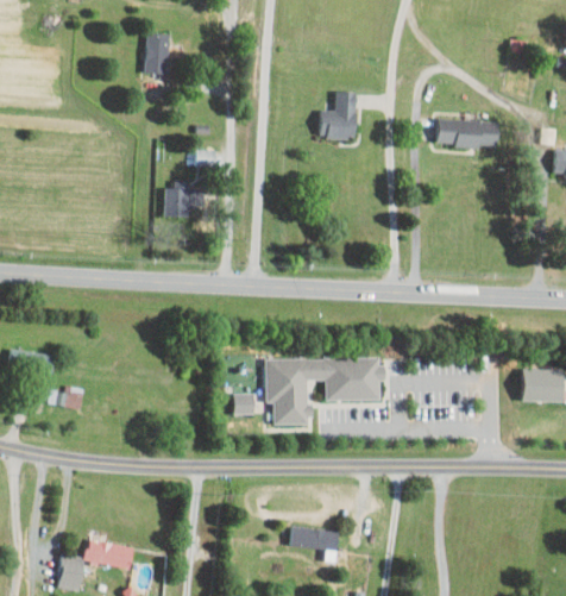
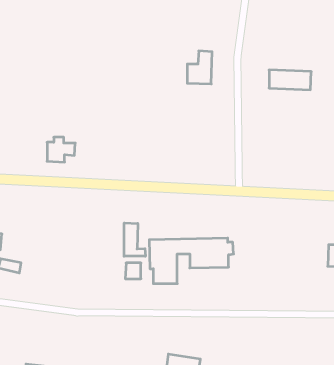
building: [146,32,169,73] -> none
building: [165,181,206,217] -> [47,137,75,162]
building: none -> [124,223,145,256]

